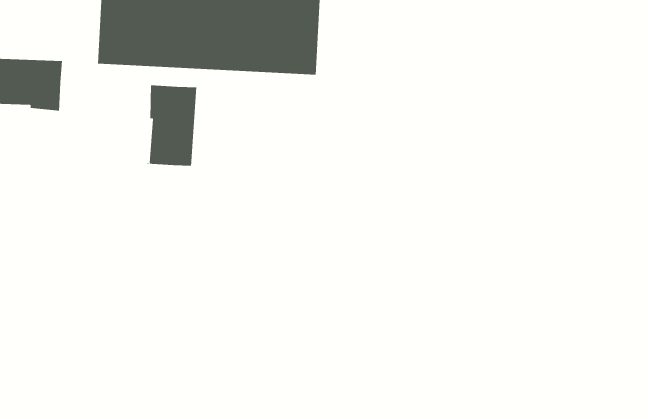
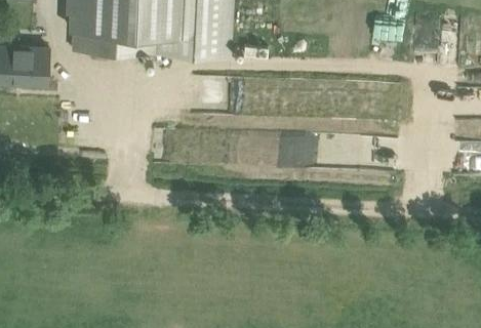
building: [147,84,197,167] -> none

